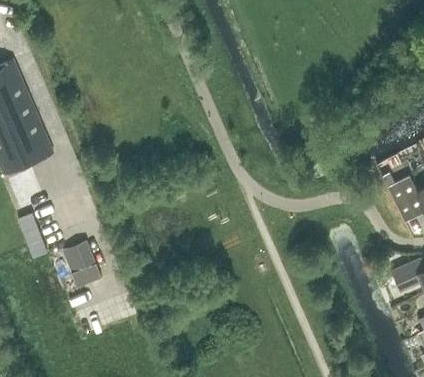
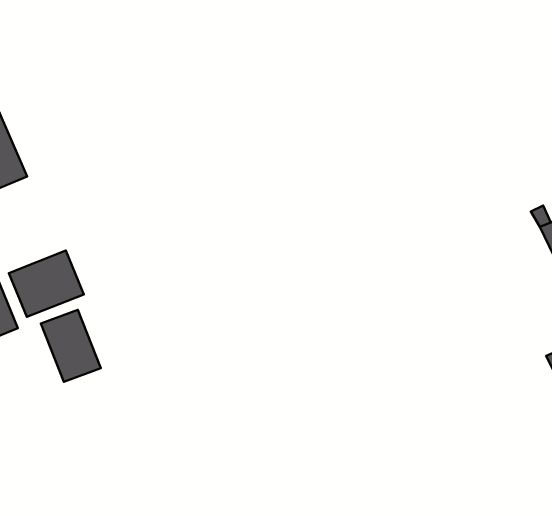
building: none -> [9,251,84,317]

